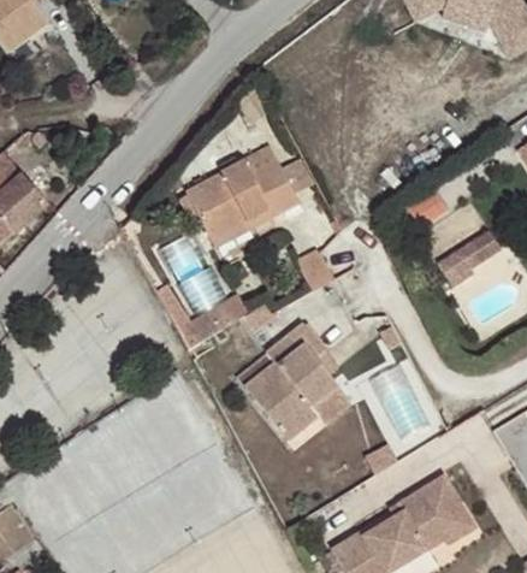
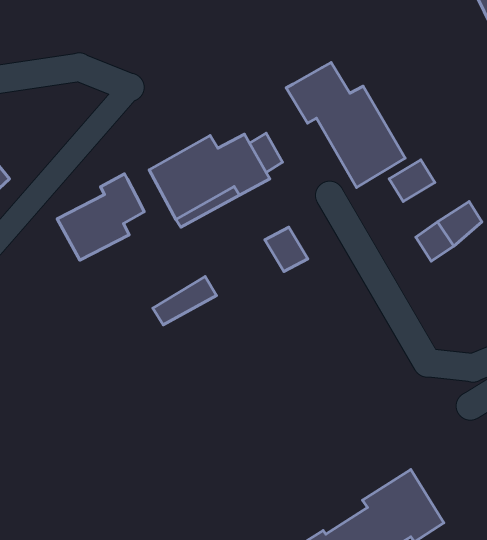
building: none -> [286,62,405,187]
building: none -> [57,174,144,260]
building: [241,327,355,444] -> none

